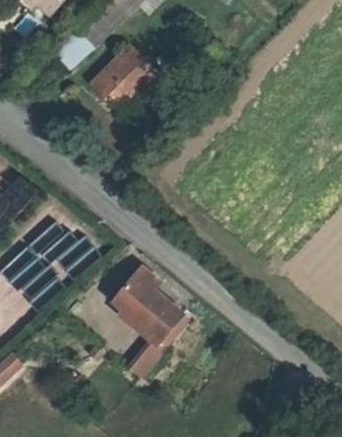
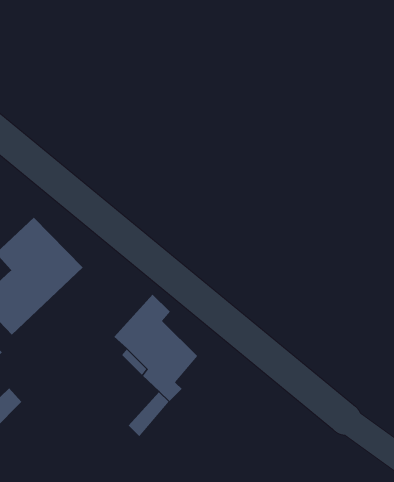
building: [96,43,163,107] -> none

